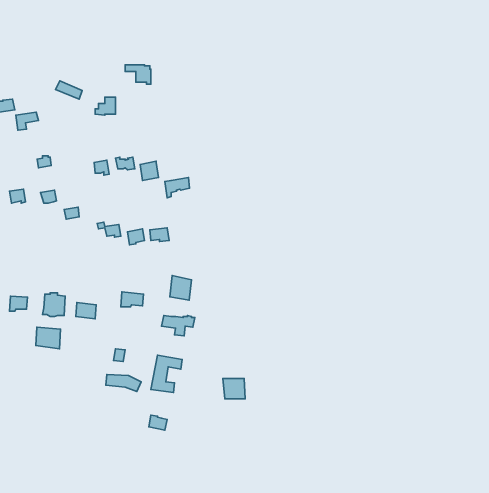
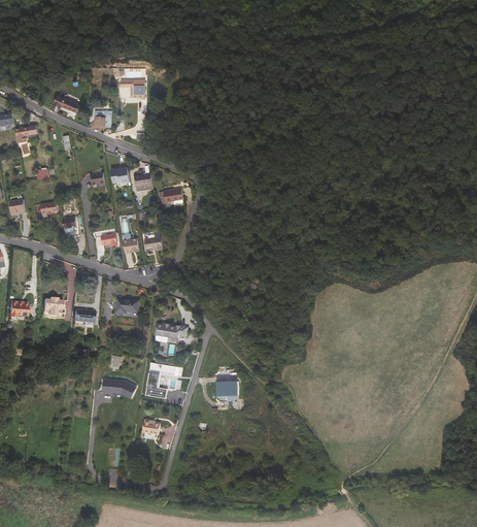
building: [170,276,192,300] -> none
building: [36,327,61,349] -> none

